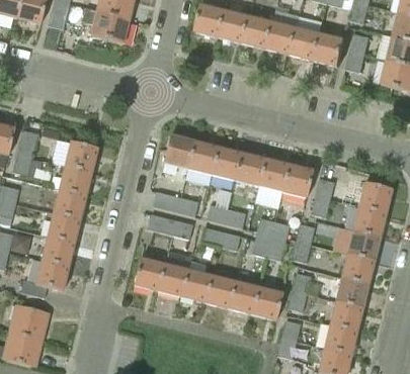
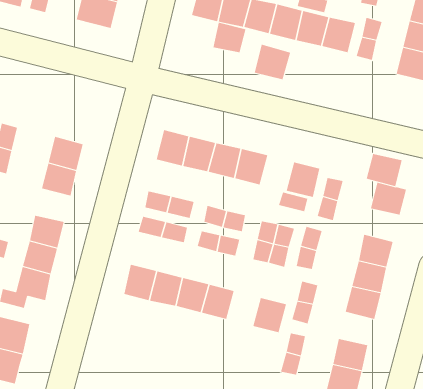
building: none -> [213,22,246,53]
building: none -> [254,44,291,80]
building: [258,158,289,190] -> none
building: [53,188,86,218] -> none
building: [352,206,386,237] -> [366,153,403,187]
building: [228,281,258,313] -> none
building: [329,300,362,331] -> none

